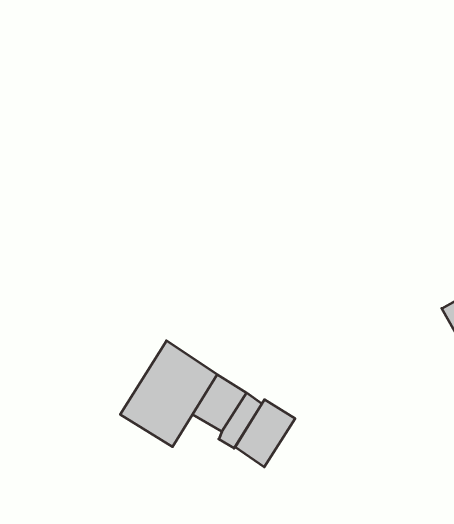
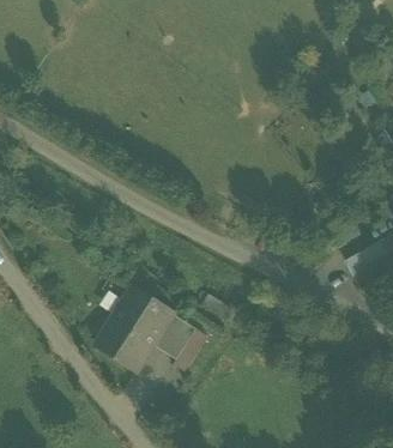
building: [235,400,295,467] -> none

